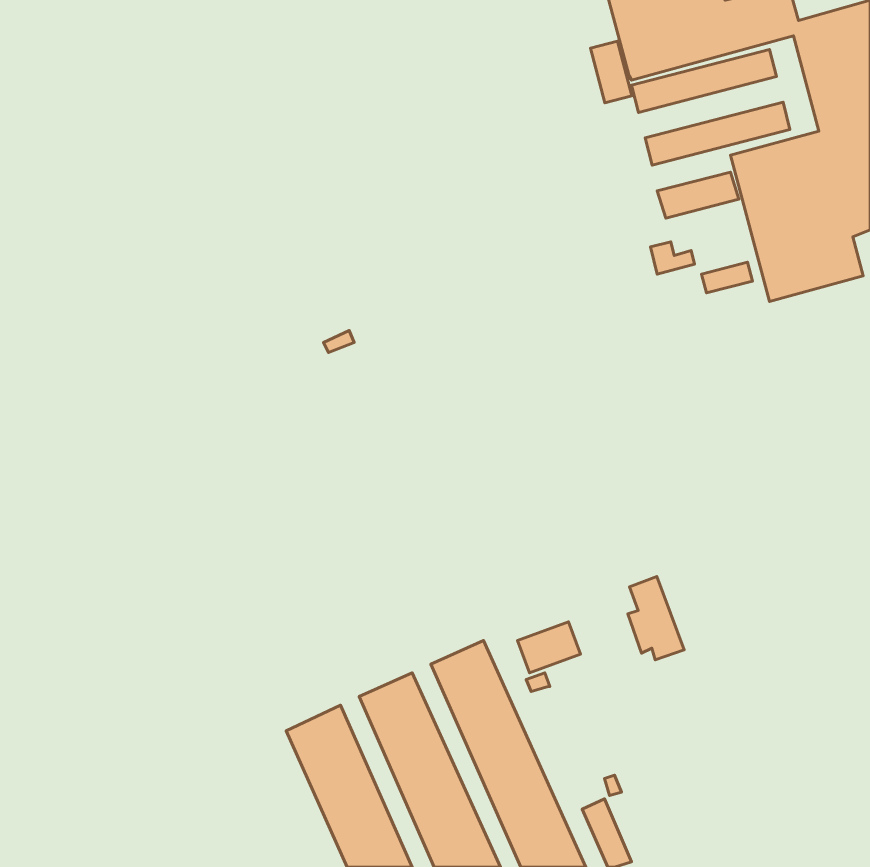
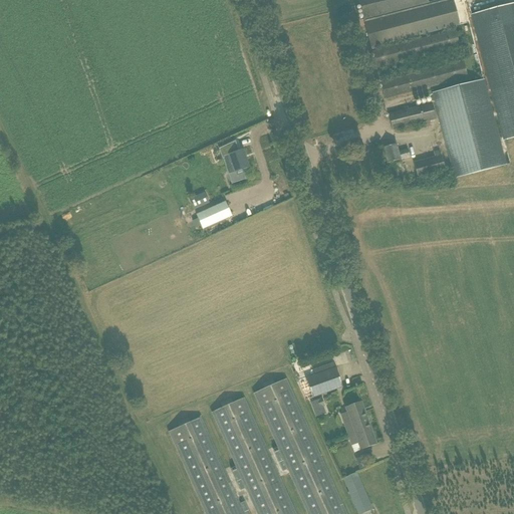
building: [591,41,632,103] -> none
building: none -> [228,149,248,182]
building: none -> [196,200,231,228]
building: [628,576,684,660] -> [343,400,376,449]

